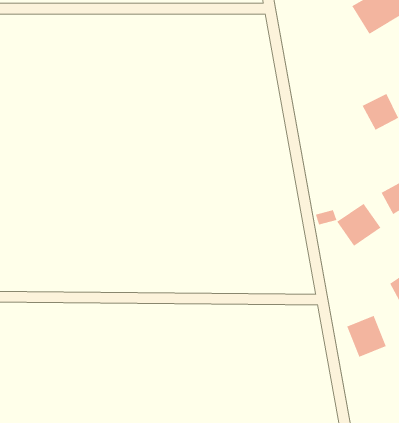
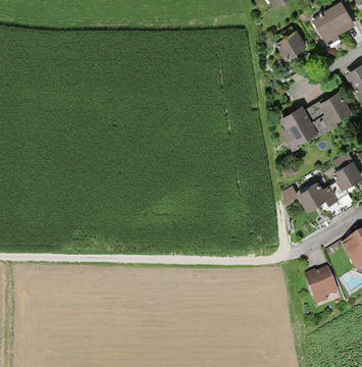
building: none -> [273,33,308,65]
building: none -> [282,108,316,143]

